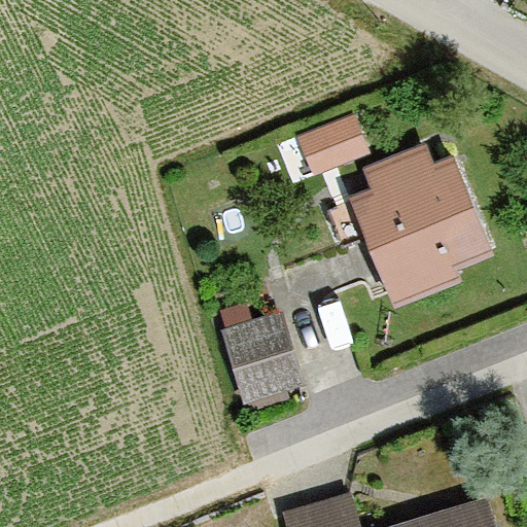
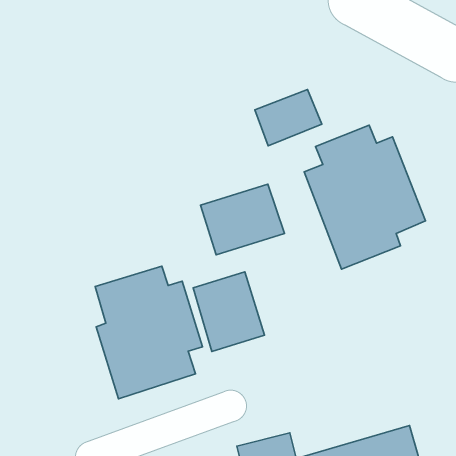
building: none -> [201,184,284,255]
building: none -> [95,266,202,399]

